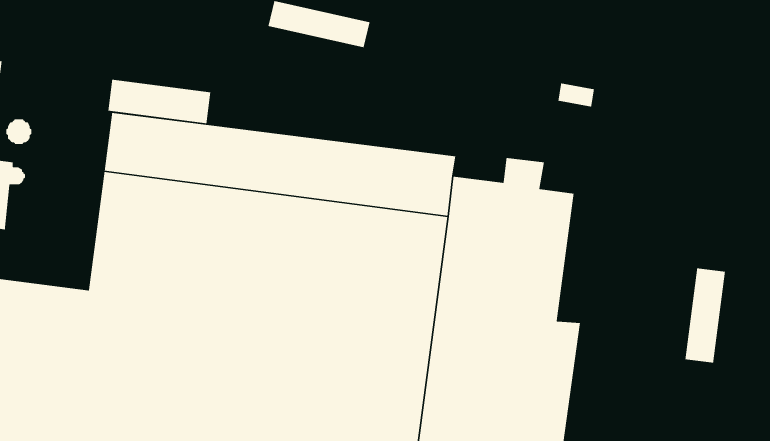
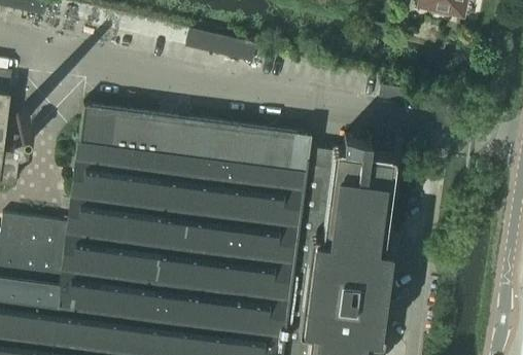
building: [107,79,211,124] -> none
building: [685,267,726,364] -> none

